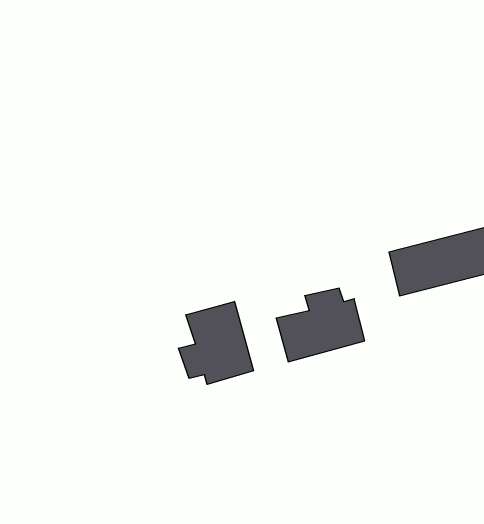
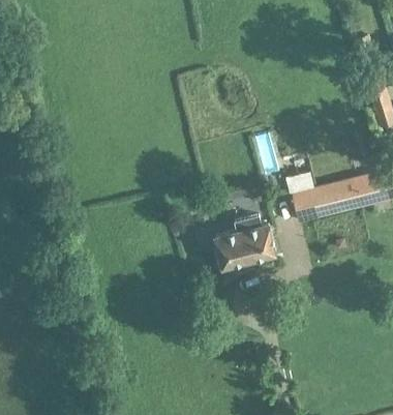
building: [179,301,253,384] -> none

